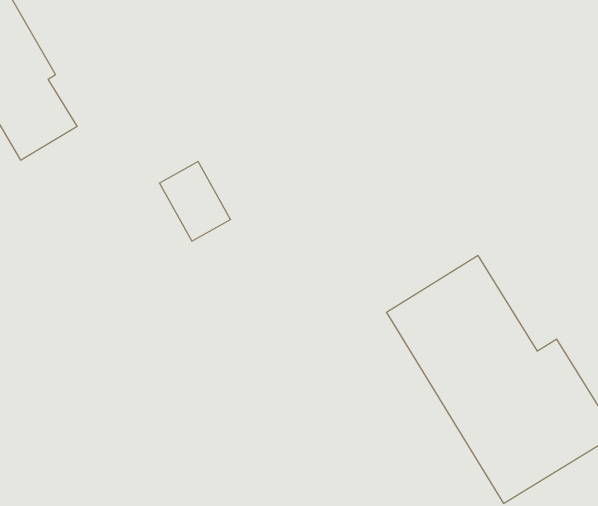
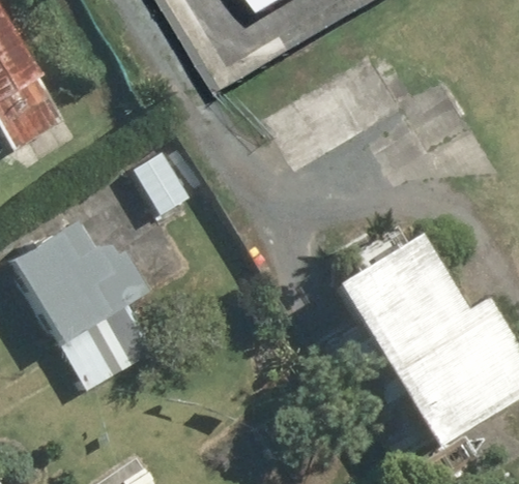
building: none -> [11,225,160,392]

